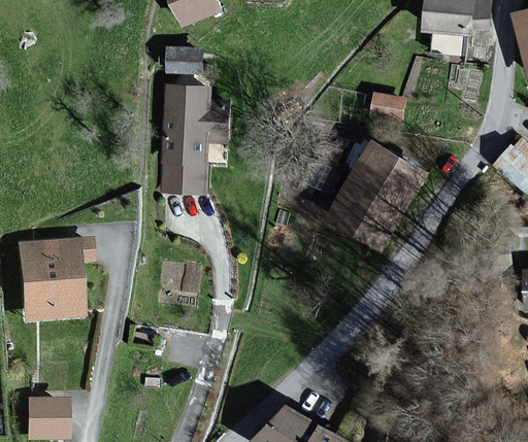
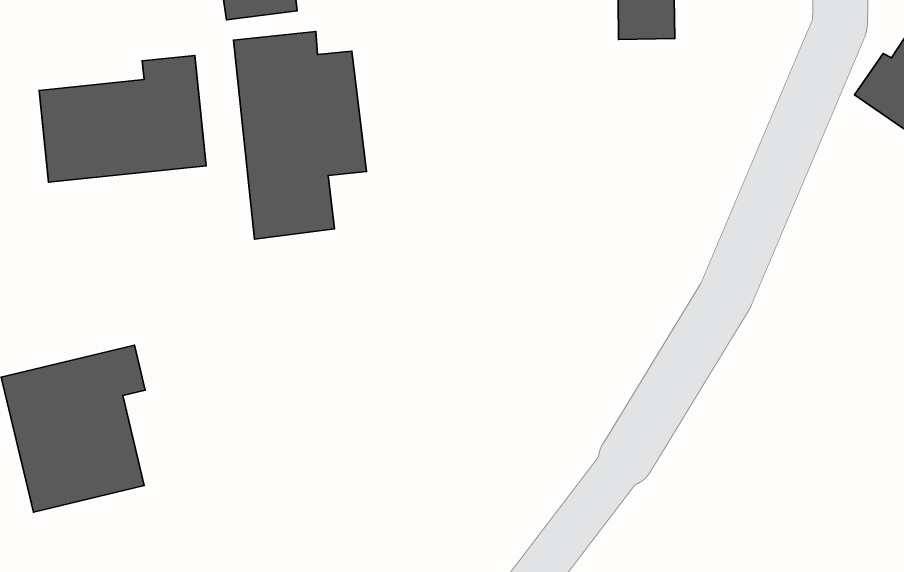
building: none -> [39,55,206,182]
building: [326,141,429,254] -> none

